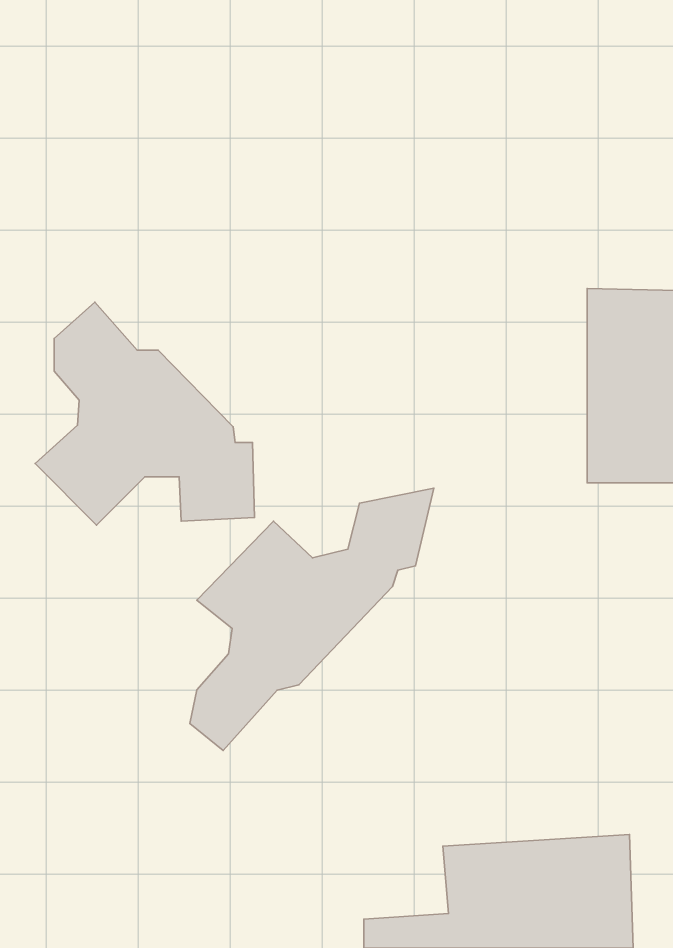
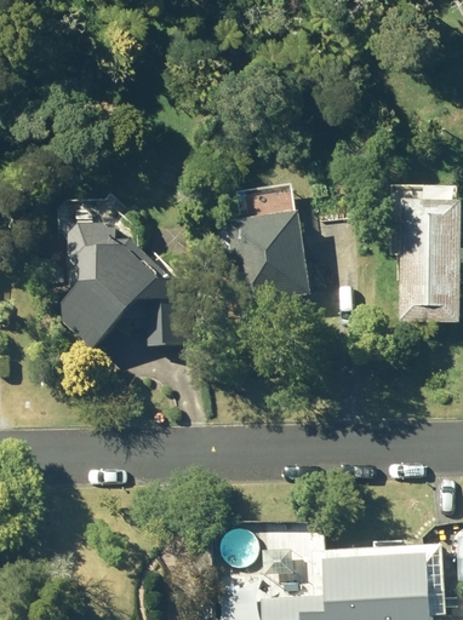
building: none -> [227,212,313,321]
building: [190,488,434,751] -> none

